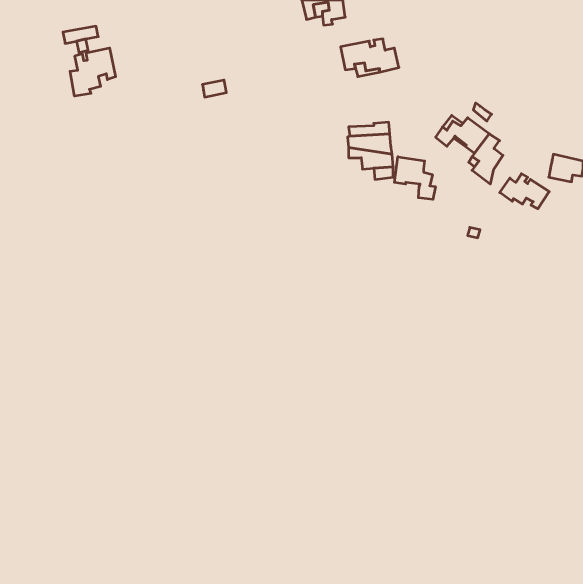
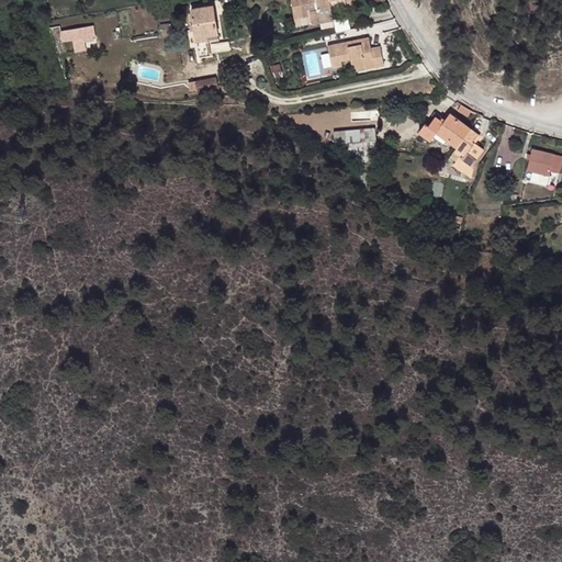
building: none -> [191,5,216,42]
building: [70,48,116,96] -> none
building: [394,157,435,199] -> none
building: [500,174,549,209] -> none

